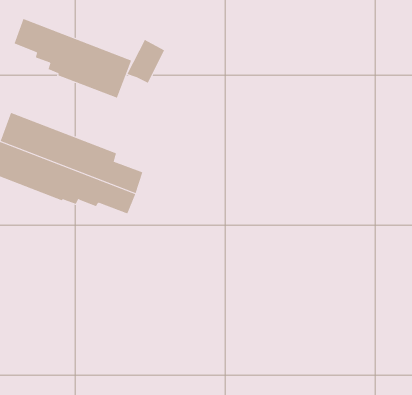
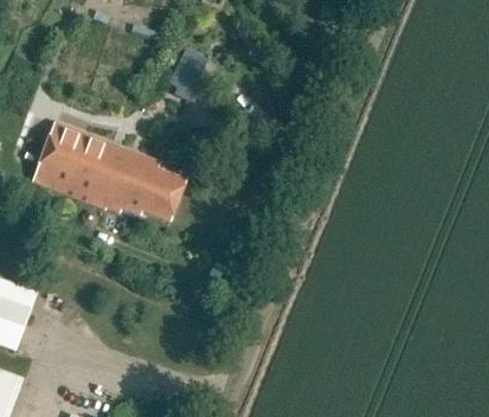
building: [14,18,132,99] -> none

